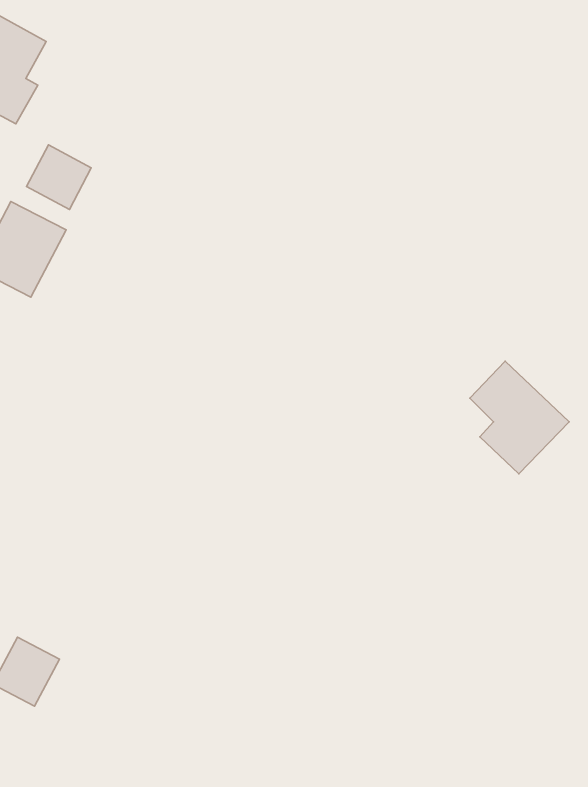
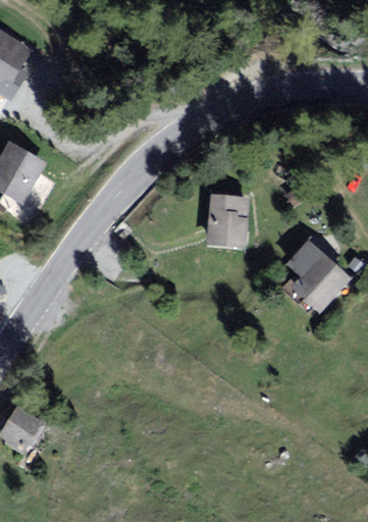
building: [27,145,91,210] -> none
building: none -> [208,197,248,250]

